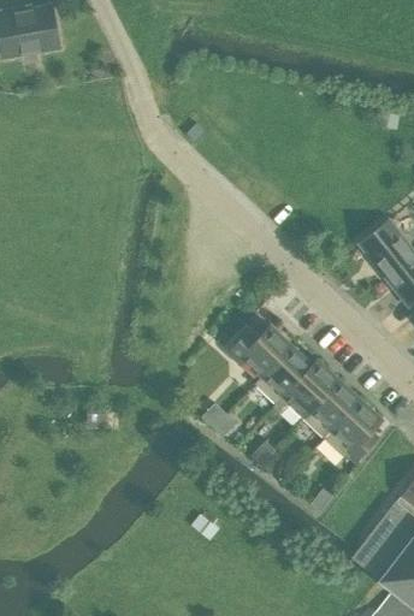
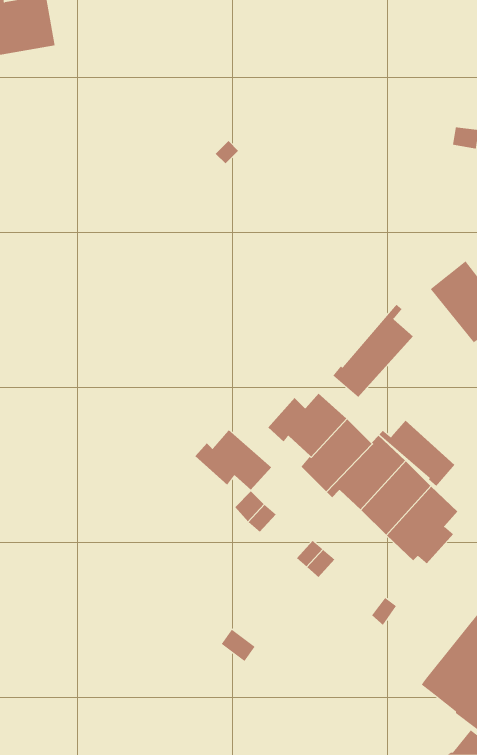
building: none -> [332,304,414,398]
building: none -> [379,420,455,487]
building: none -> [195,429,272,491]

